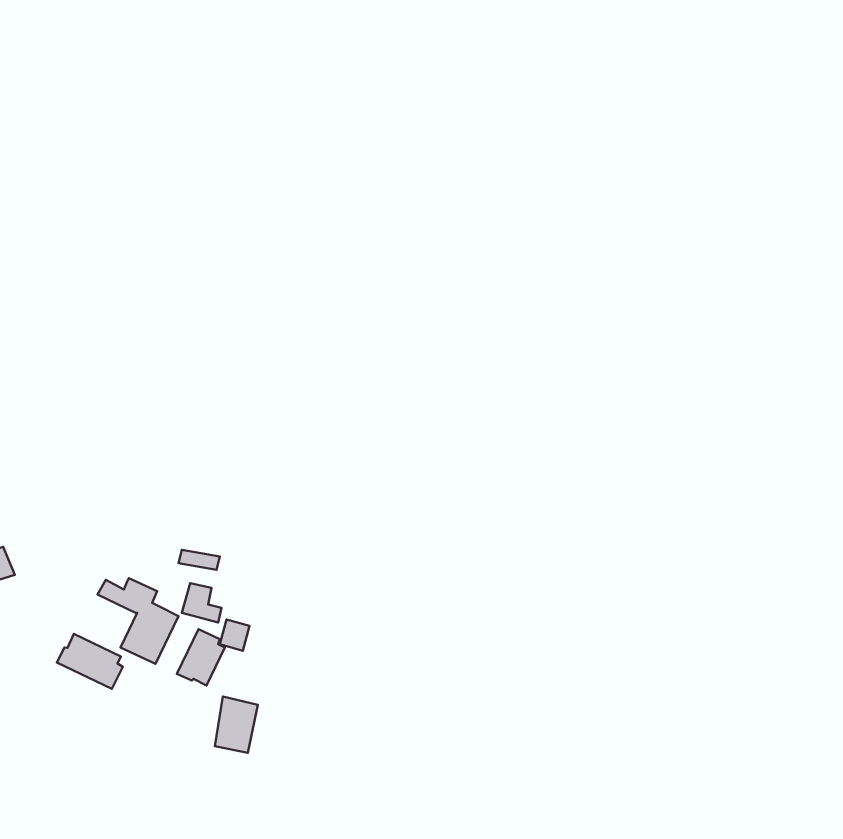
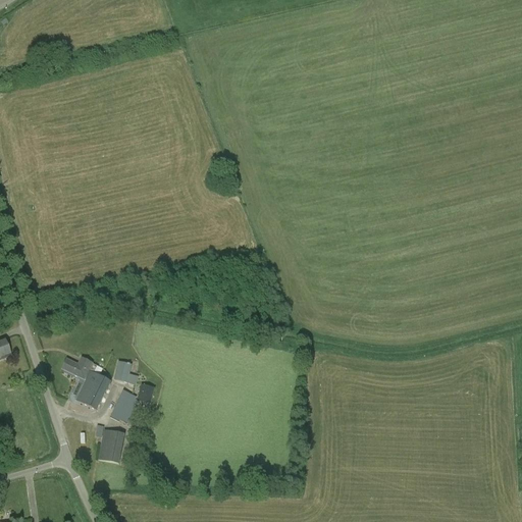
building: [57,634,123,689] -> none
building: [215,697,258,753] -> [98,428,124,463]

